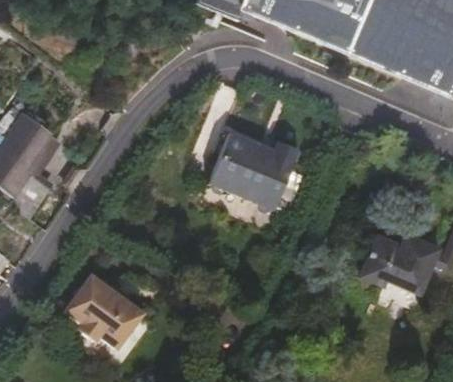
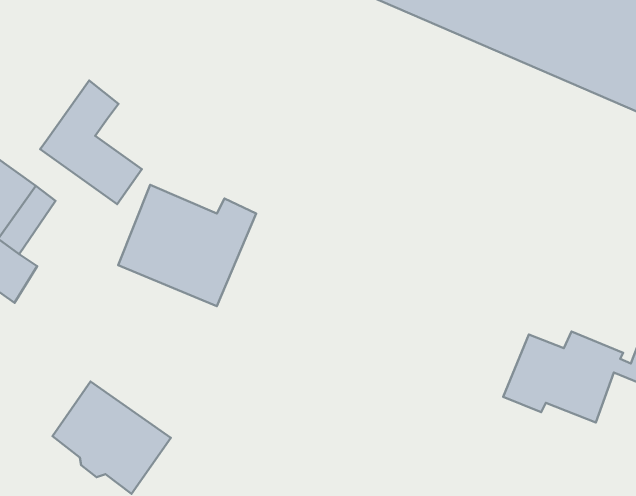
building: none -> [40,80,142,204]
building: [208,129,299,209] -> [118,185,256,306]

